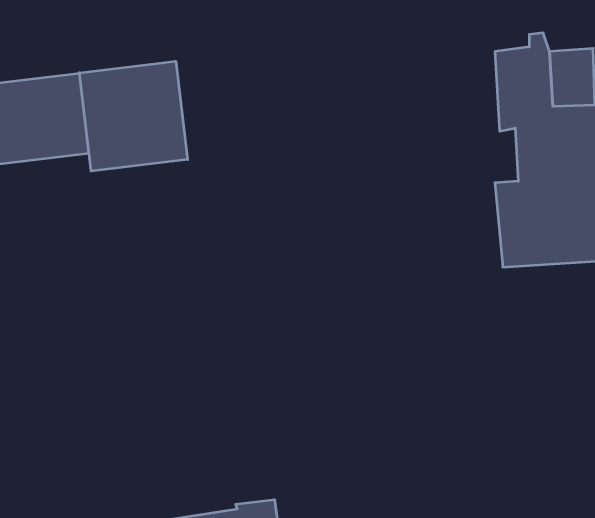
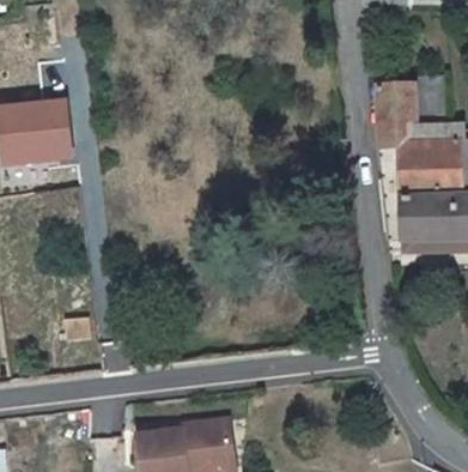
building: [79,61,188,171] -> none

